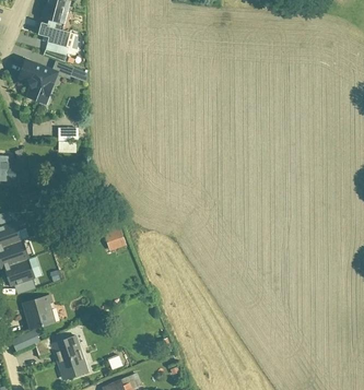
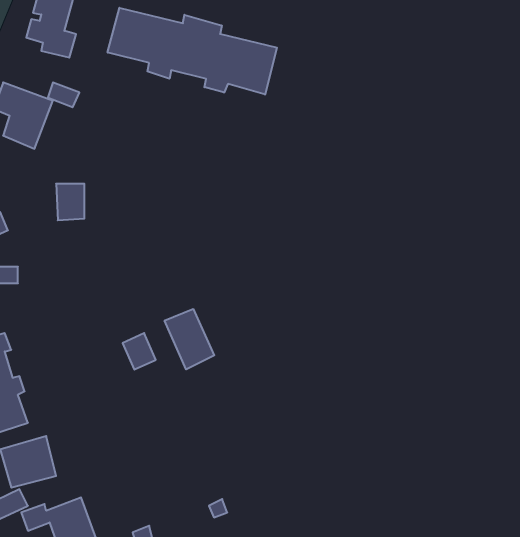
building: none -> [108,8,277,95]
building: none -> [165,309,214,369]

